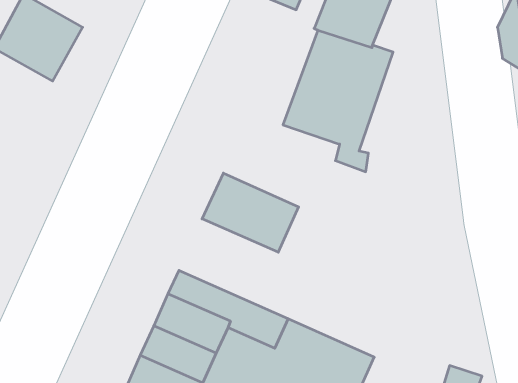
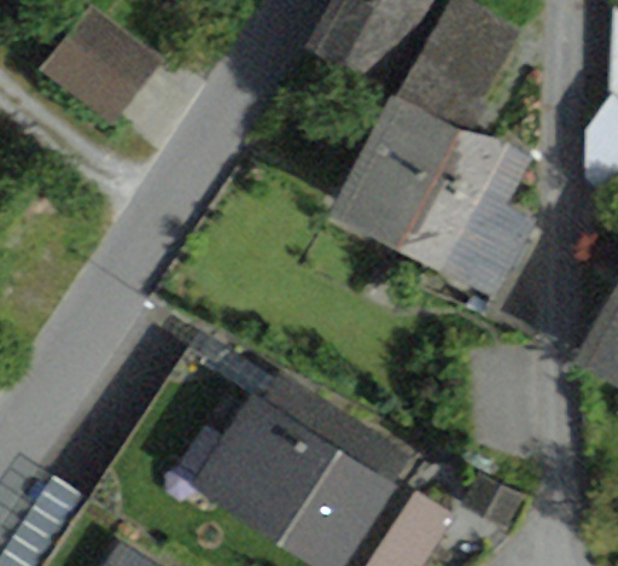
building: none -> [420,150,531,292]
building: [202,173,299,252] -> none

